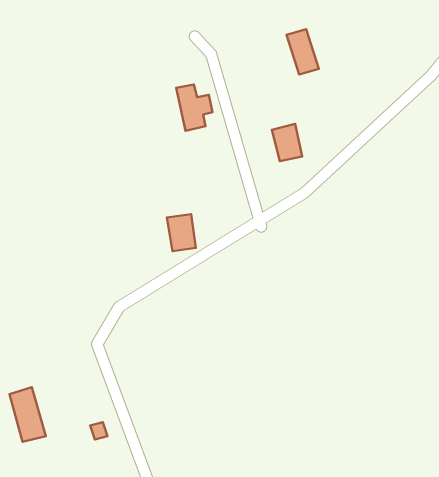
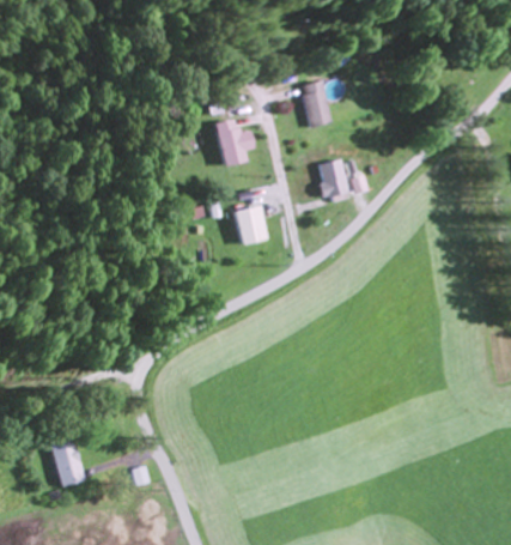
building: [286,29,319,75] -> [294,80,328,127]
building: [167,214,196,251] -> [239,206,269,244]

